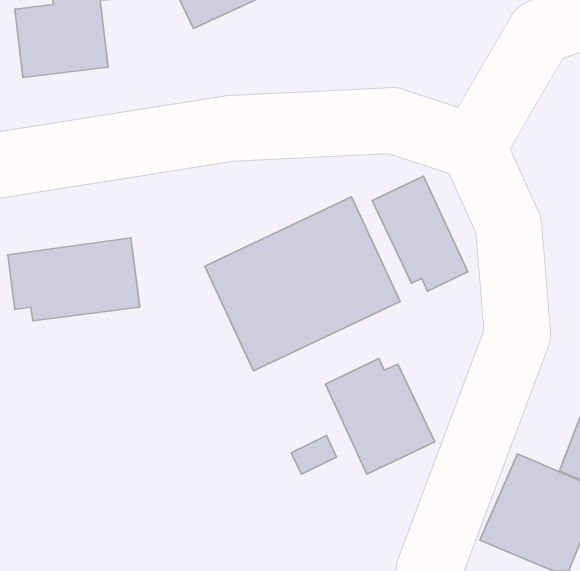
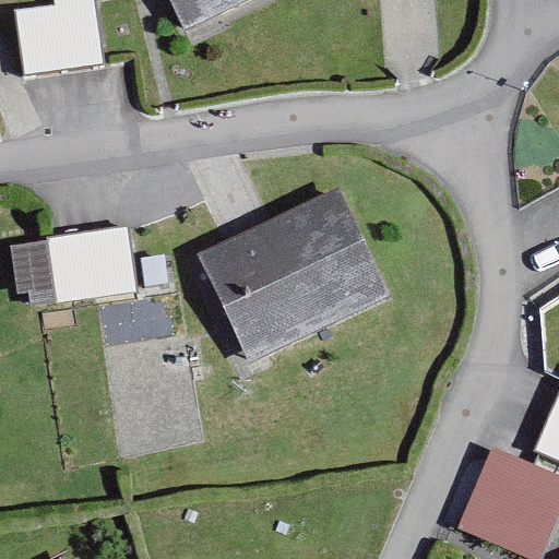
building: [372,176,468,291] -> none
building: [325,359,435,474] -> none

